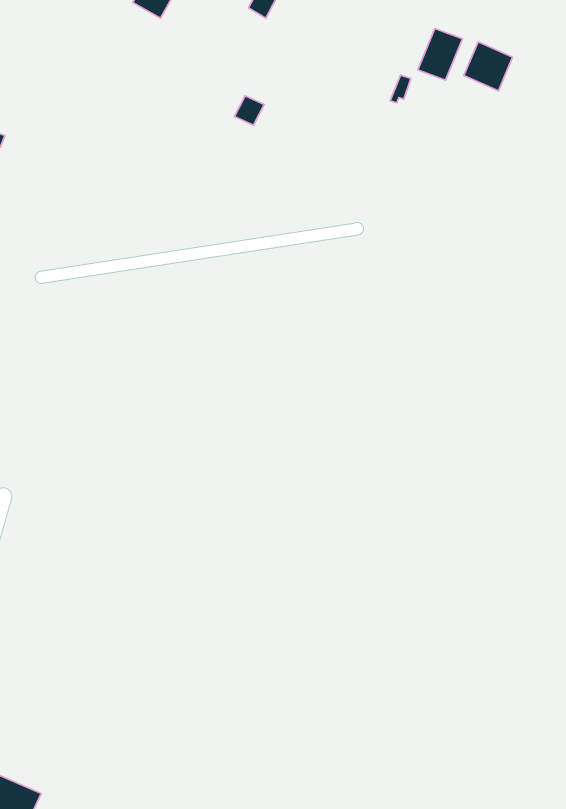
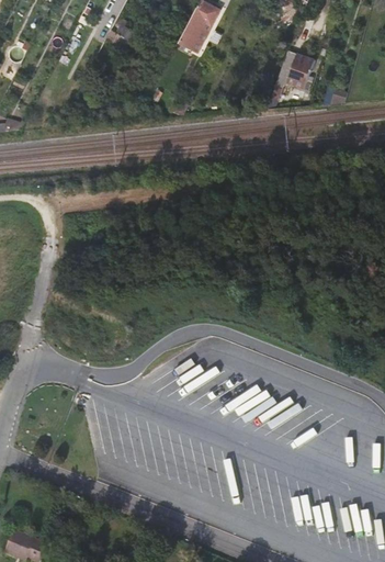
building: [464,42,513,91] -> none

